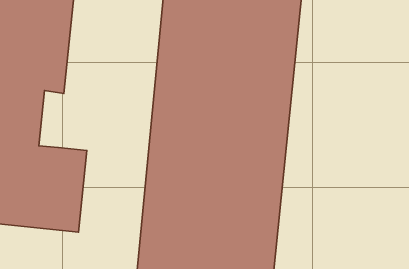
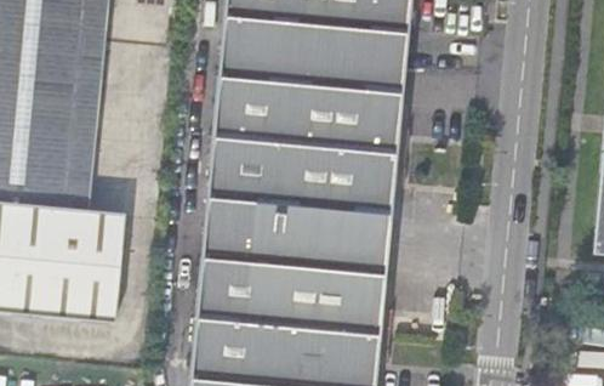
building: none -> [63,134,96,209]

